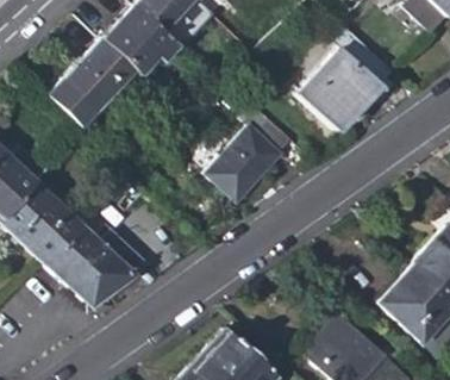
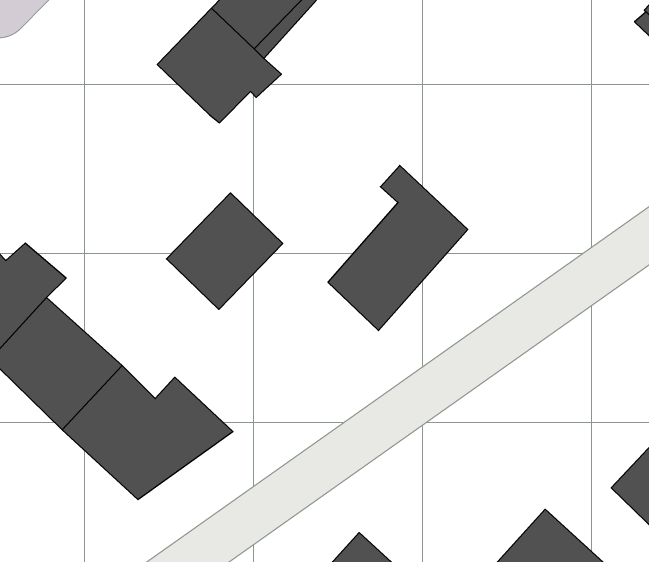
building: [300,21,393,130] -> none
building: [62,41,133,112] -> [166,193,283,309]

